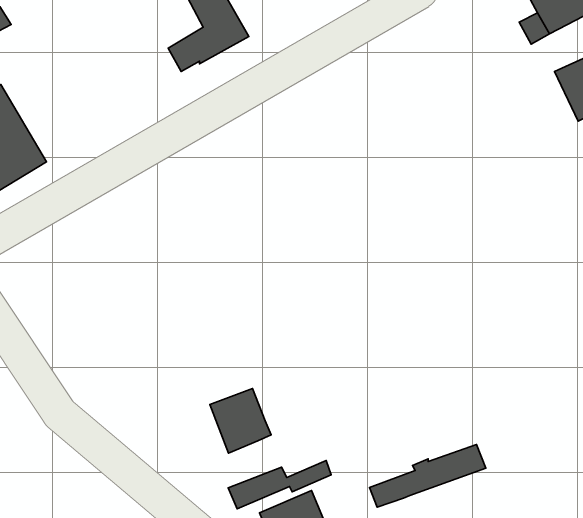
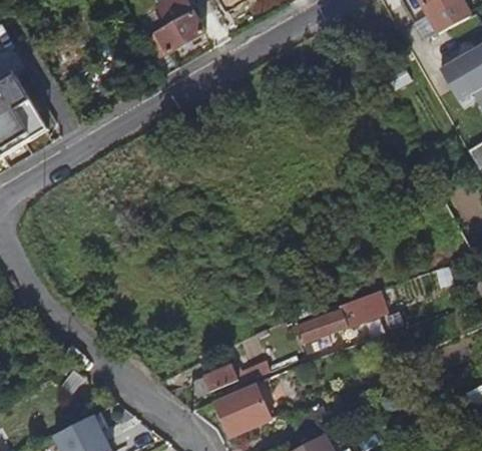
building: [210,388,271,453] -> none
building: [369,445,486,507] -> [295,295,384,343]

